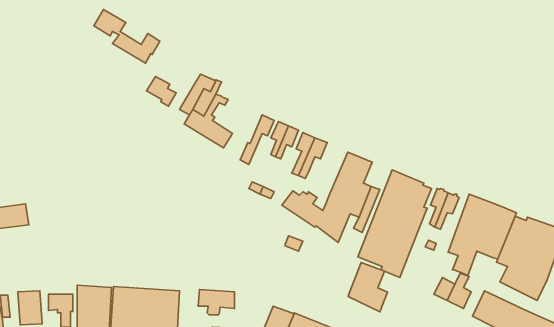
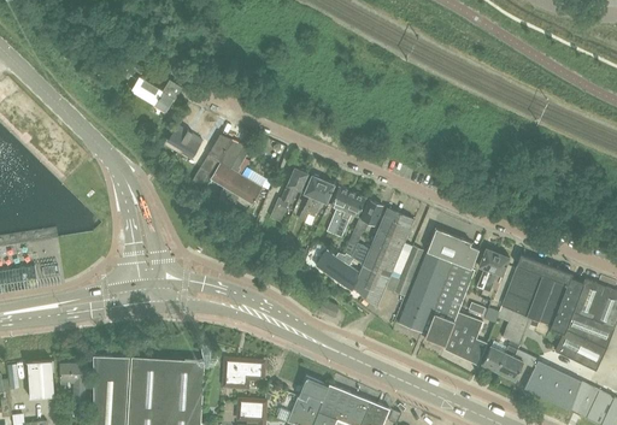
building: none -> [345,200,383,265]
building: [348,262,388,312] -> [443,312,487,366]

